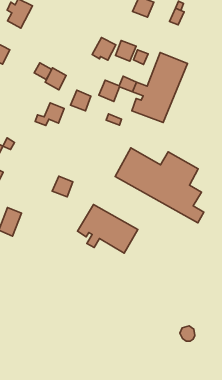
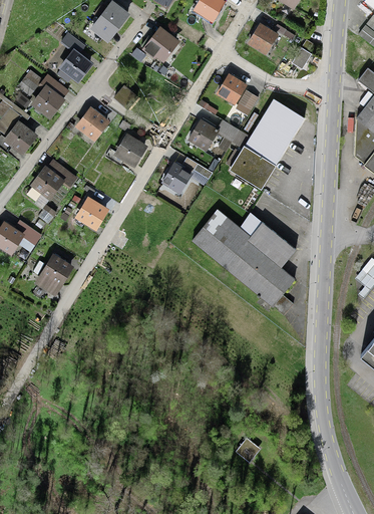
building: [92,37,116,60] -> [145,29,176,58]
building: [45,68,66,90] -> [79,109,106,138]
building: [70,90,91,111] -> [163,164,191,191]
building: [52,176,73,197] -> [78,199,105,226]
building: [77,205,138,253] -> none

